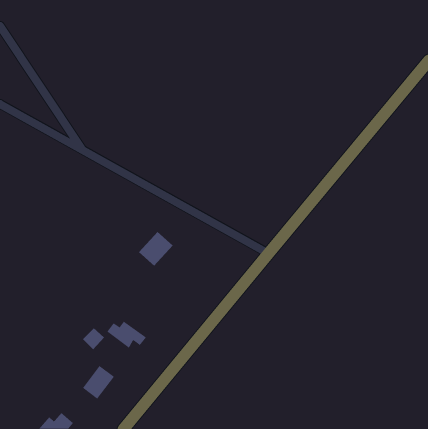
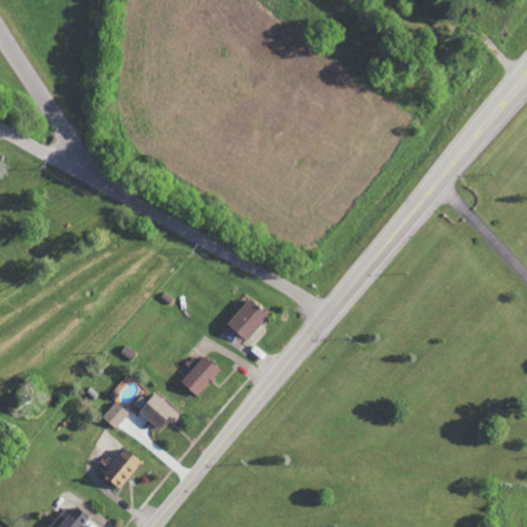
building: [138,231,173,267] -> [225,298,269,342]
building: none -> [180,355,219,396]

